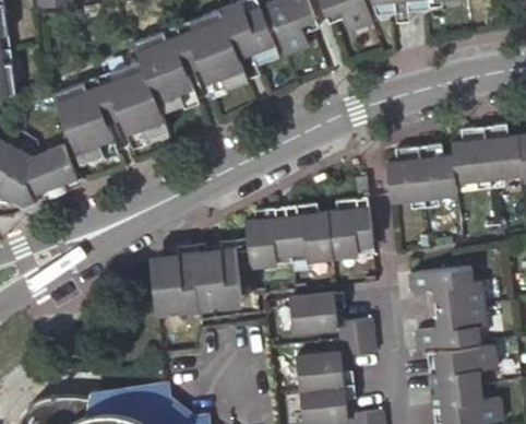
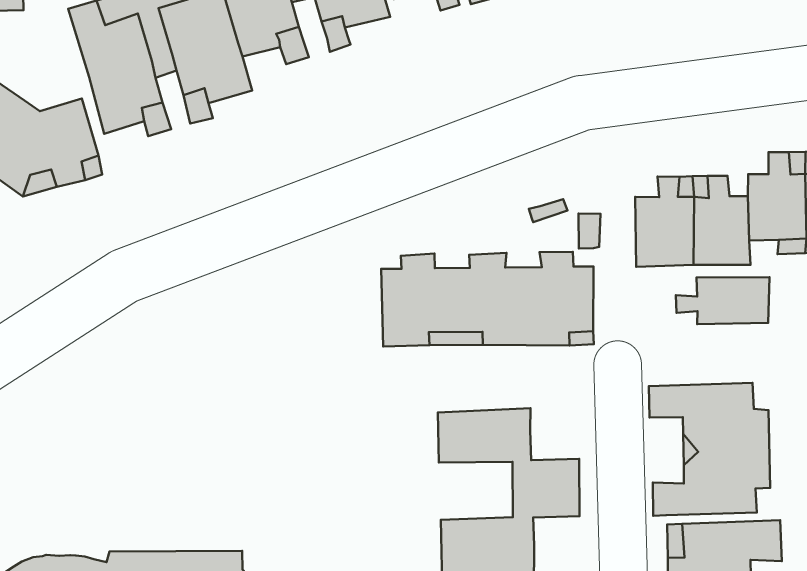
building: none -> [676,277,770,324]
building: [152,243,238,310] -> none

